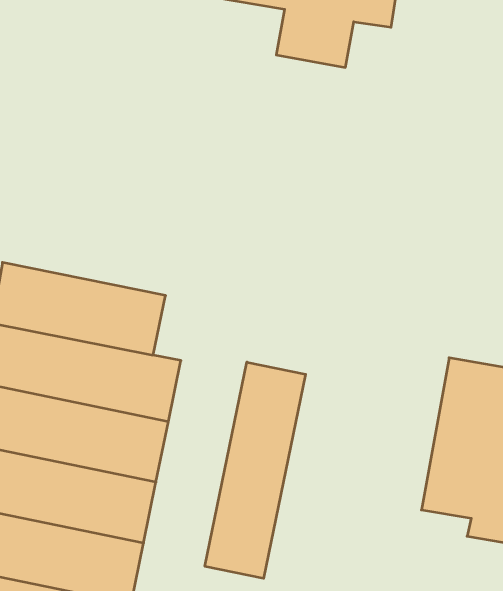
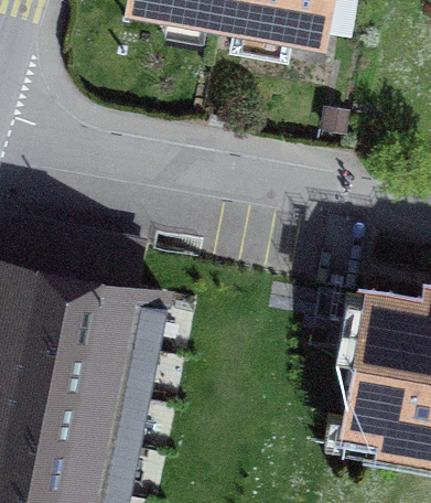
building: [205,362,306,578] -> none

